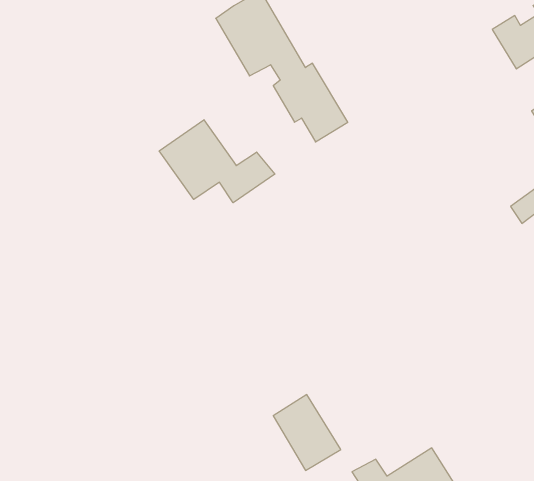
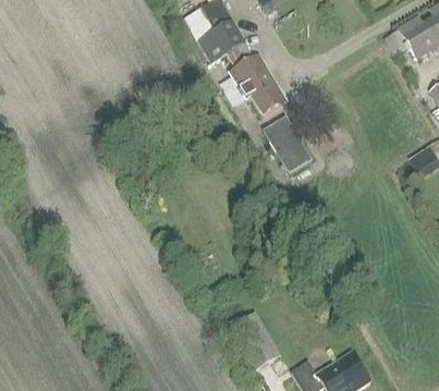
building: [159,120,275,203] -> none
building: none -> [264,115,313,172]

